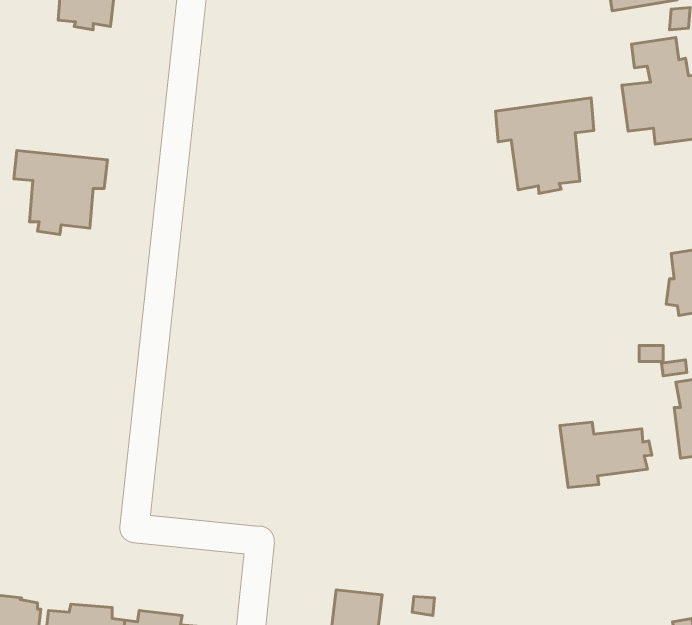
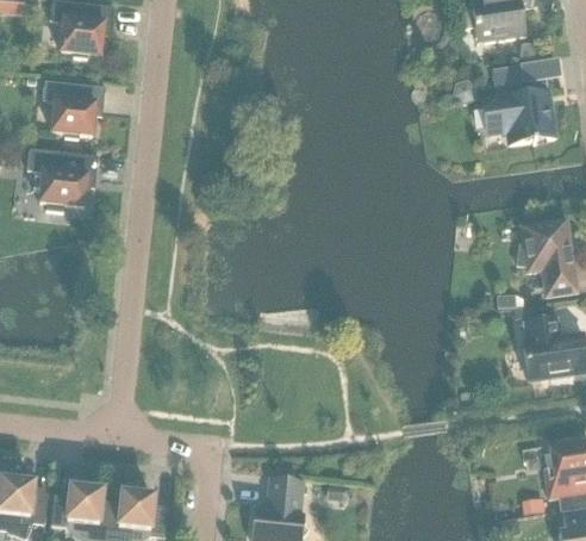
building: none -> [42,80,105,137]
building: [496,98,594,193] -> none
building: [560,422,652,488] -> none

